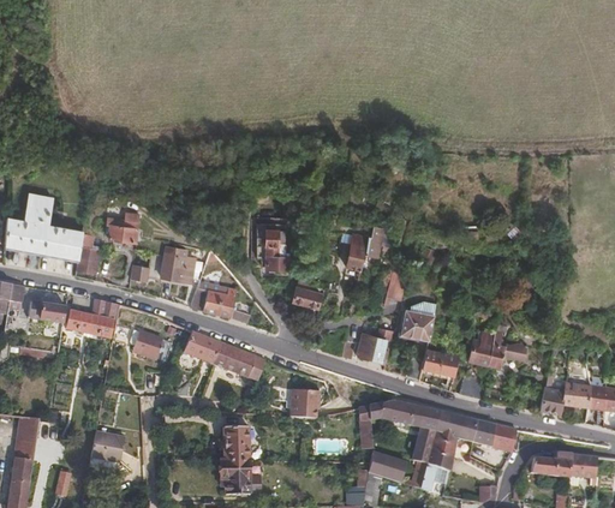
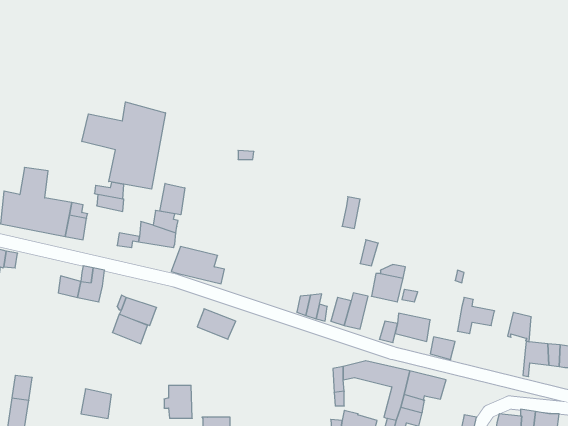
building: none -> [82,102,165,189]
building: none -> [160,183,185,215]
building: [263,229,288,268] -> none
building: [347,232,372,273] -> none
building: [293,286,326,312] -> none
building: [26,301,65,323] -> none
building: [184,333,221,364] -> [112,314,147,344]
building: [470,337,495,369] -> none
building: [537,384,562,416] -> [508,312,531,342]
building: [291,388,317,418] -> none
building: [472,420,515,450] -> none
building: [219,425,249,460] -> [164,385,192,418]

